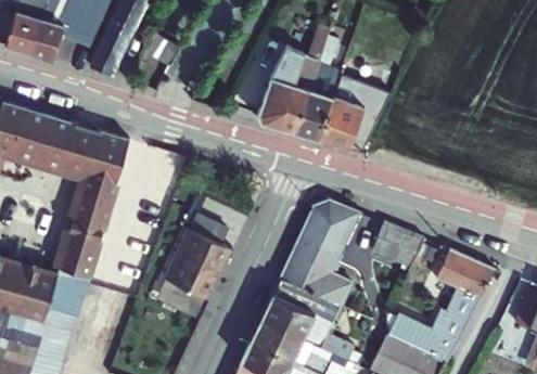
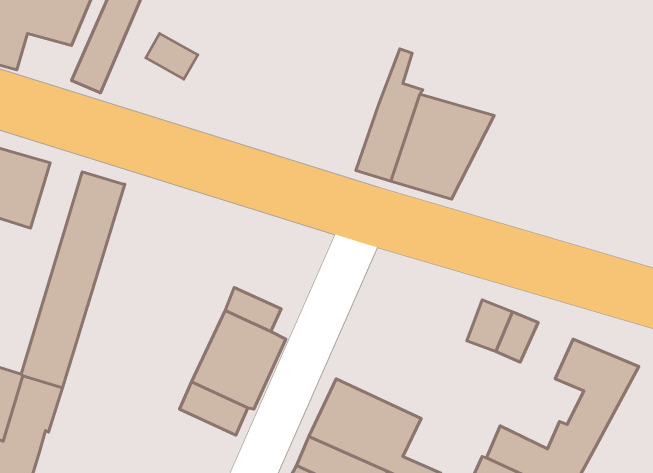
building: [254,44,309,131] -> none
building: [61,126,98,179] -> none
building: [279,201,358,308] -> none

